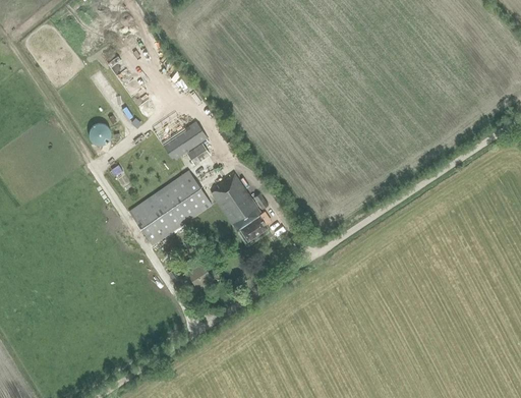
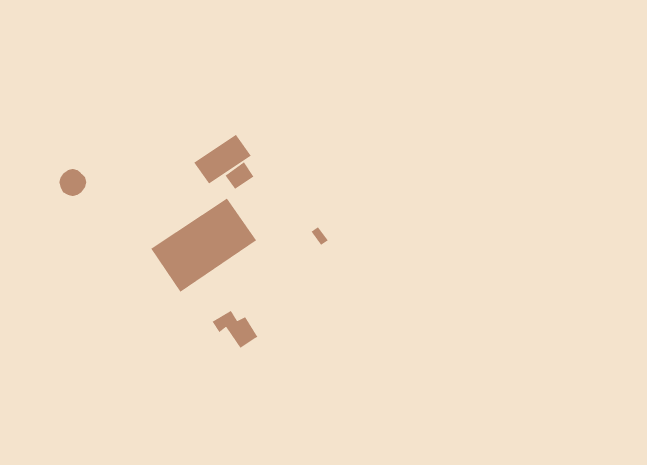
building: [89,123,111,146] -> [58,168,87,197]
building: [210,174,267,241] -> none

